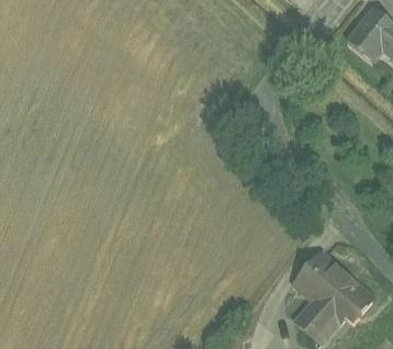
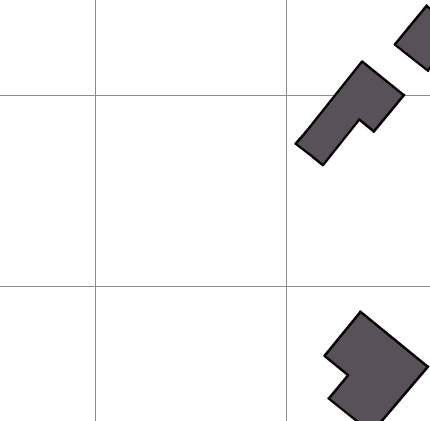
building: none -> [296,62,404,165]

